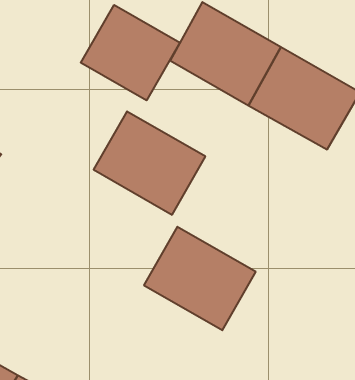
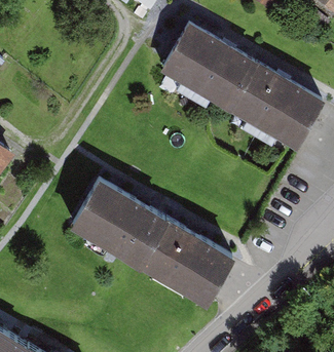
building: [81,5,180,100] -> none
building: [94,111,205,215] -> [70,175,166,265]

